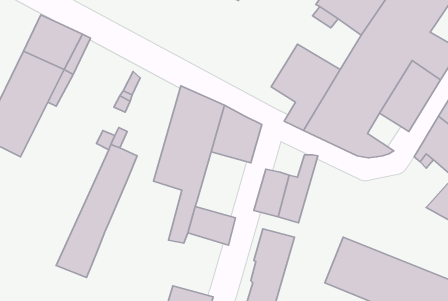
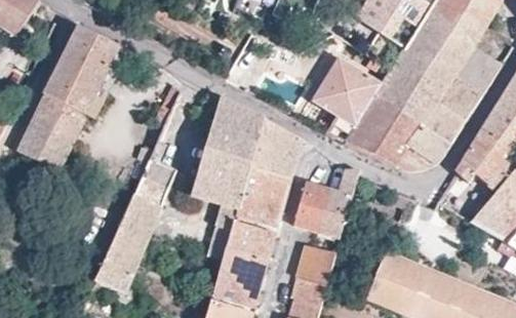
building: none -> [409,126,451,164]
building: none -> [237,165,291,227]
building: none -> [213,247,269,307]

